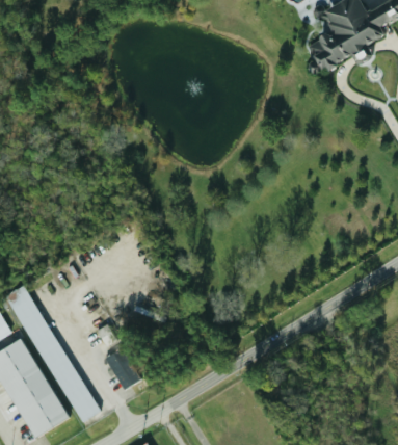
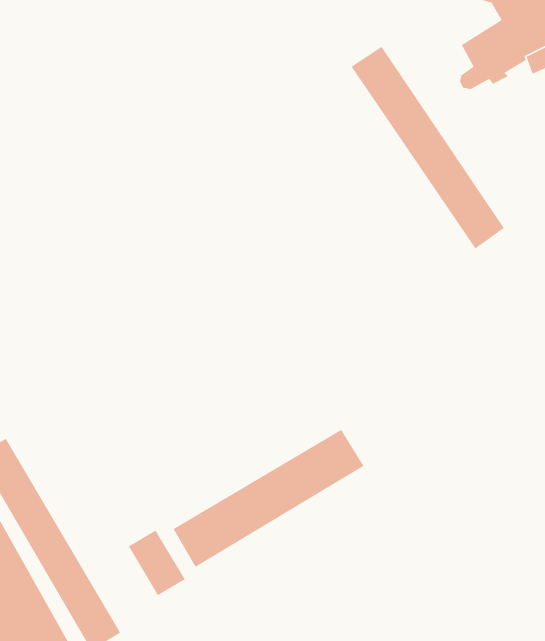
building: none -> [350,46,505,249]
building: none -> [173,429,364,568]

